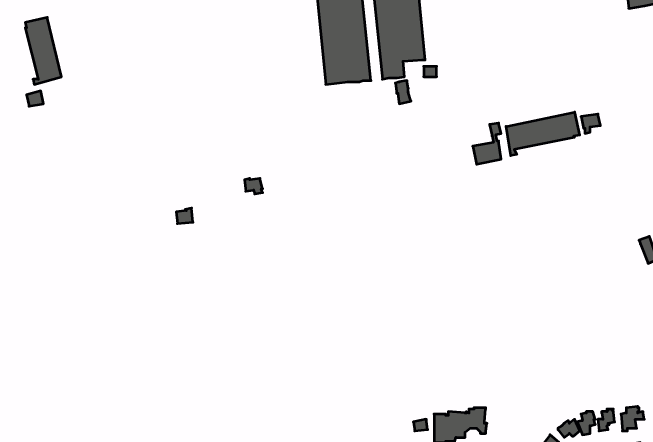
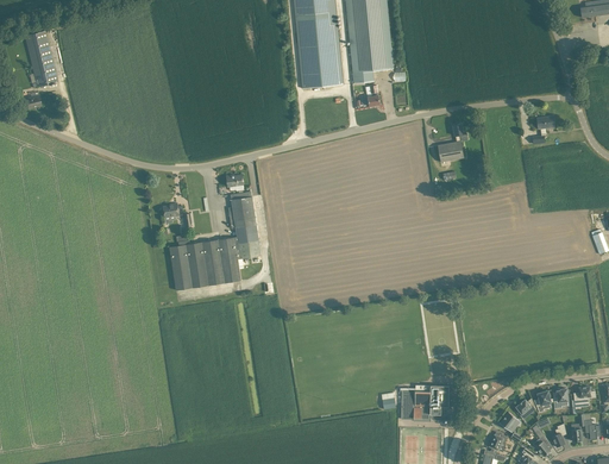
building: [506,112,580,156] -> none
building: none -> [169,192,260,289]

